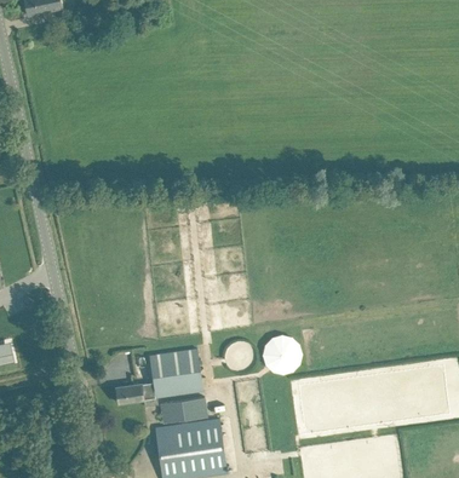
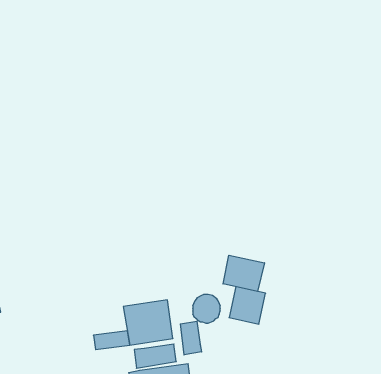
building: none -> [223,255,264,291]
building: none -> [180,321,202,355]

